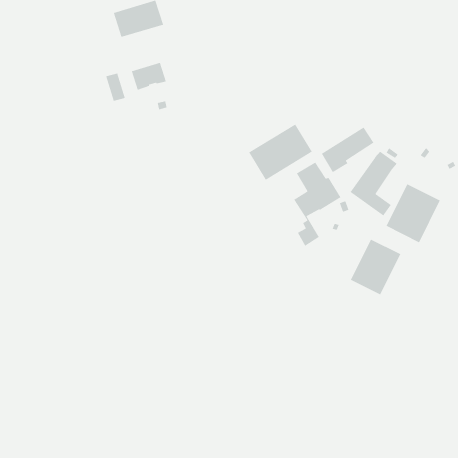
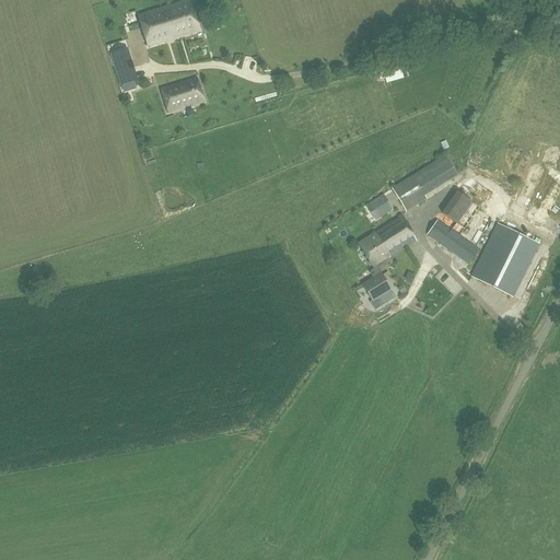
building: [105,72,126,102] -> [110,48,136,84]
building: [248,123,313,181] -> none
building: [350,238,401,296] -> none

